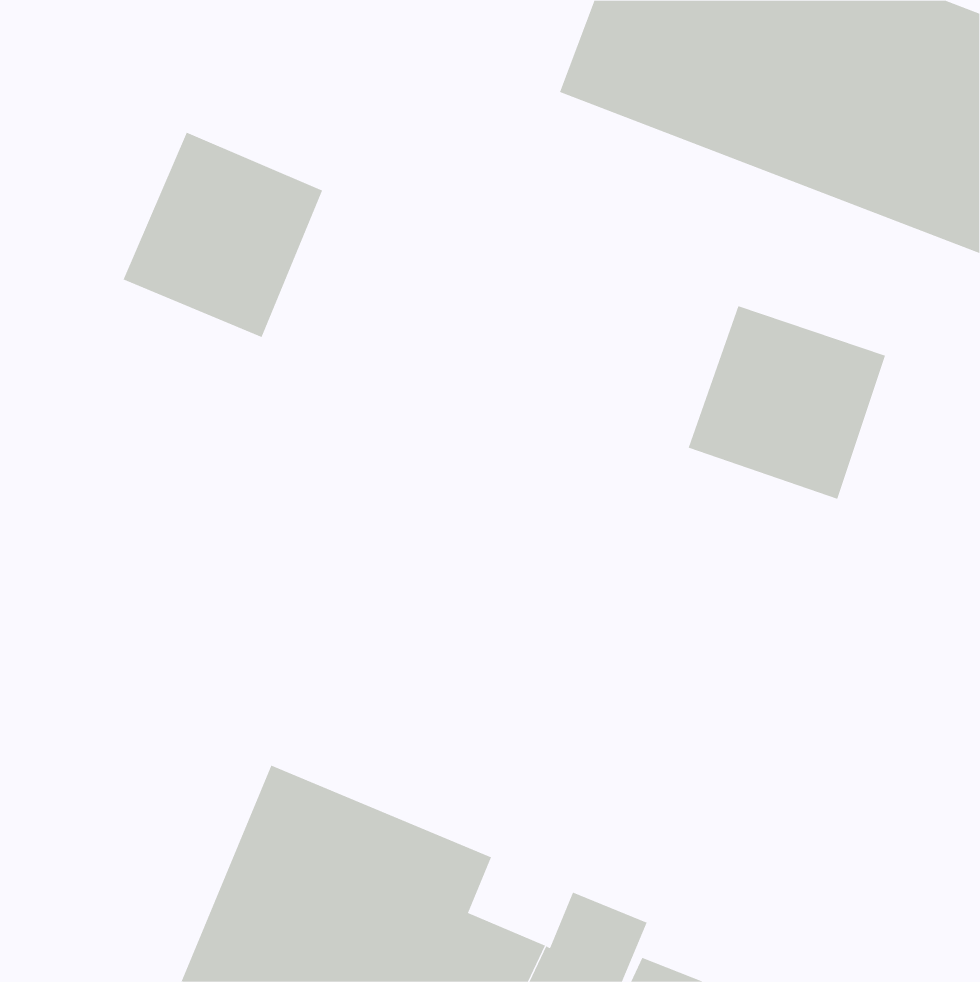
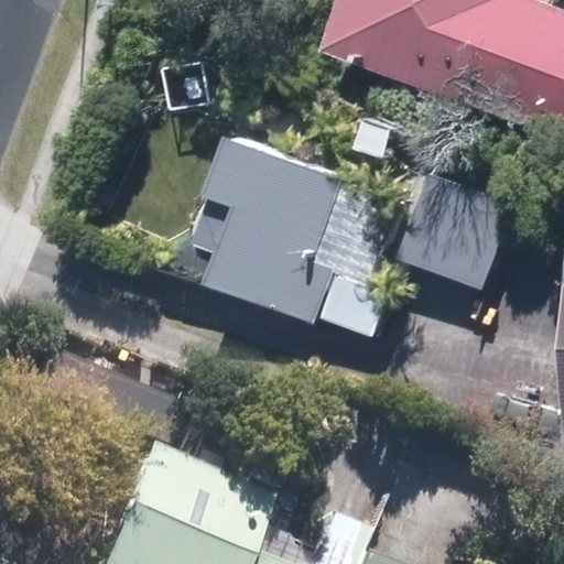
building: [123,132,323,338] -> none
building: none -> [187,133,395,325]

